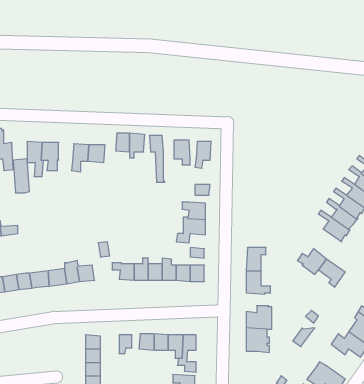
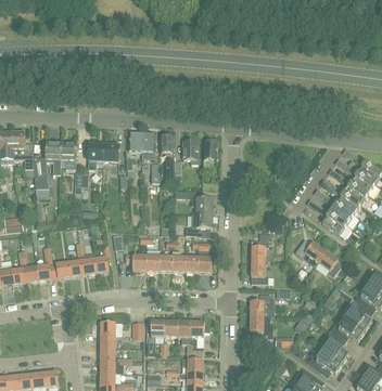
building: none -> [318,329,349,362]

